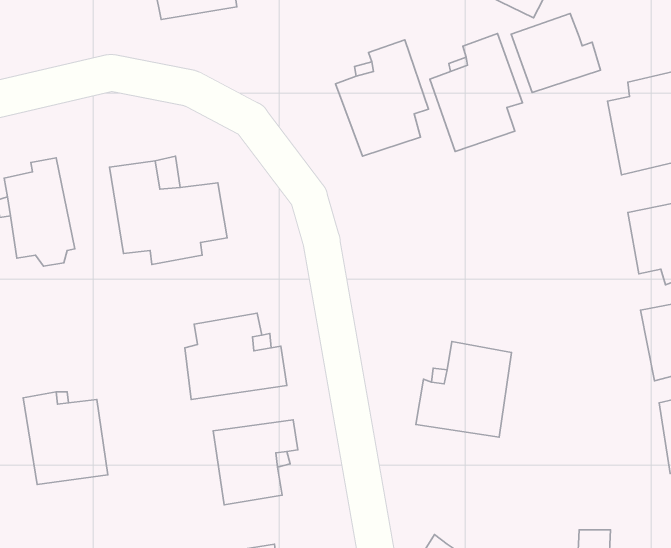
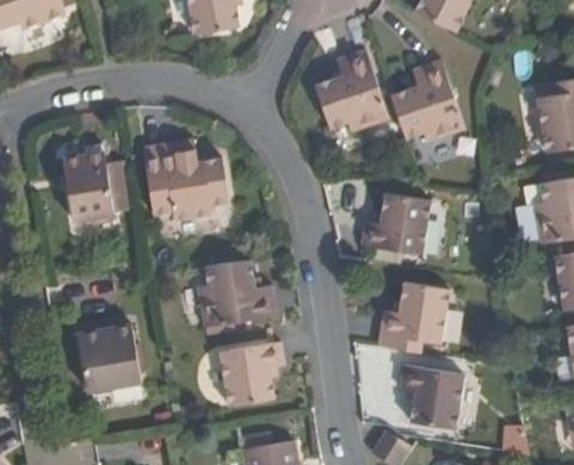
building: [511,14,600,93] -> none
building: none -> [362,191,431,255]
building: none -> [400,362,462,427]

